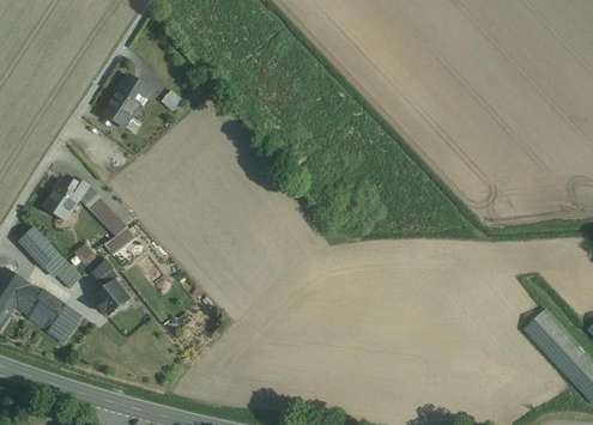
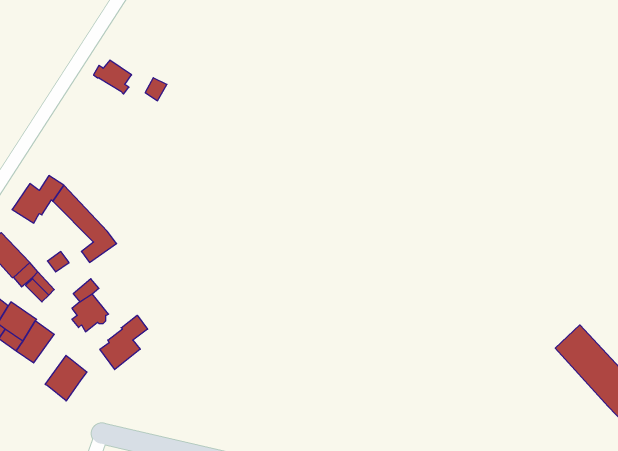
building: [103,90,139,126] -> none
building: none -> [100,315,148,370]
building: none -> [45,355,87,401]

